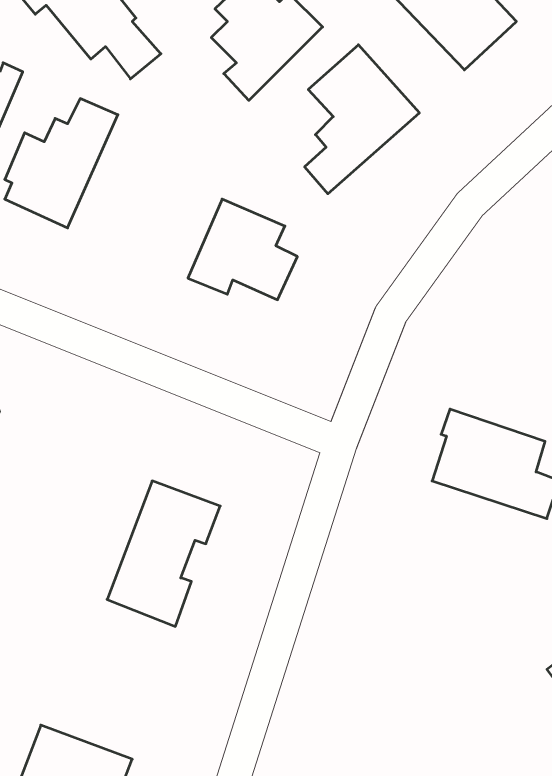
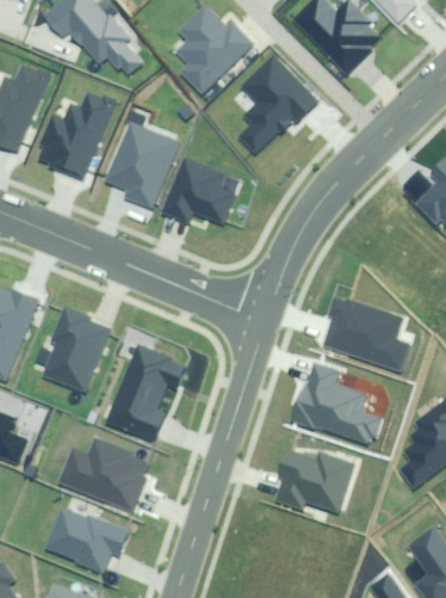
building: none -> [107,122,180,206]
building: none -> [47,307,110,392]
building: none -> [292,362,383,444]
building: none -> [63,439,151,508]
building: none -> [278,450,357,512]

